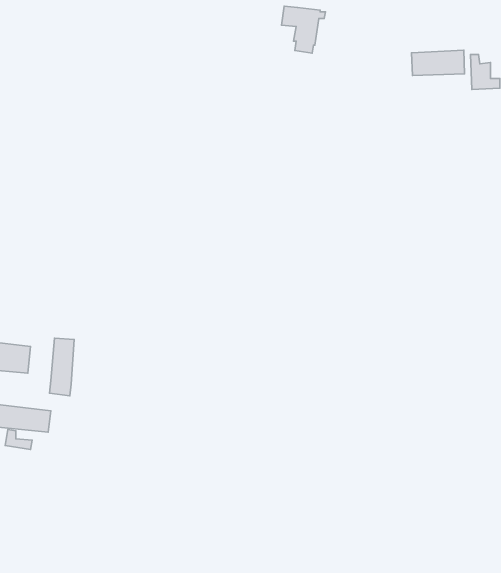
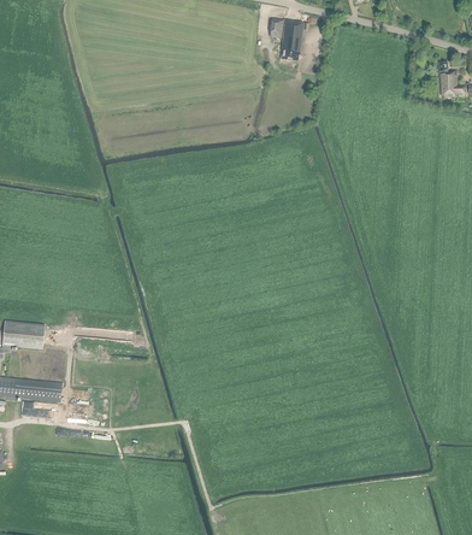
building: [412,50,465,75] -> none
building: [49,338,74,396] -> none

